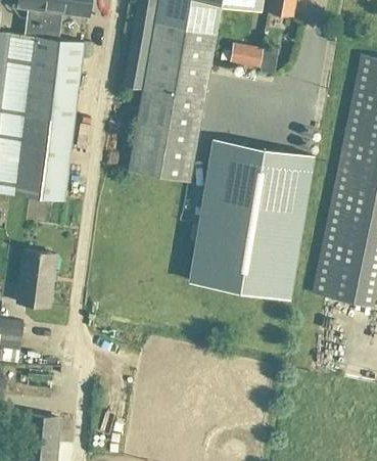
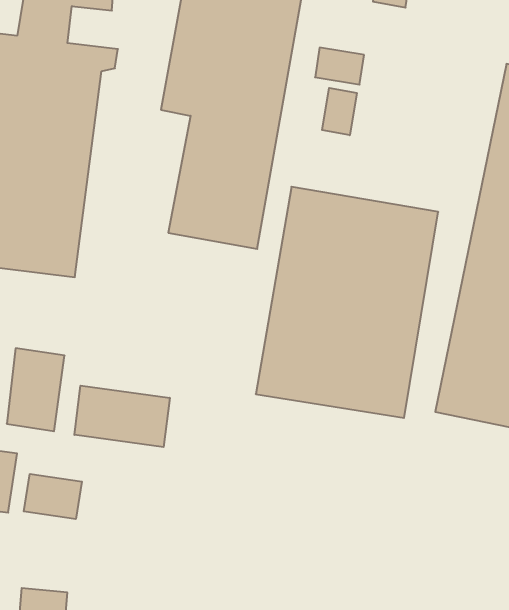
building: none -> [322,88,357,135]
building: none -> [74,386,170,447]
building: none -> [24,474,82,519]

